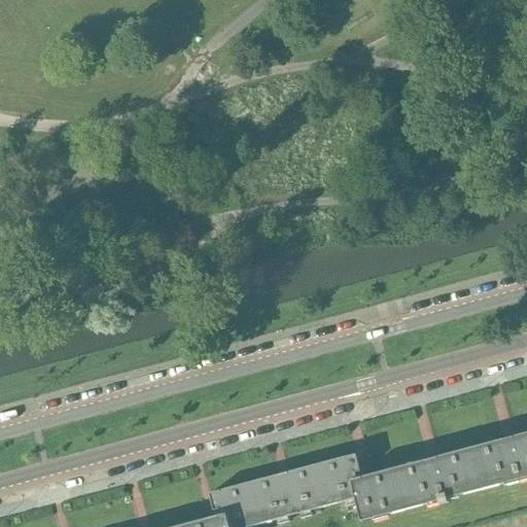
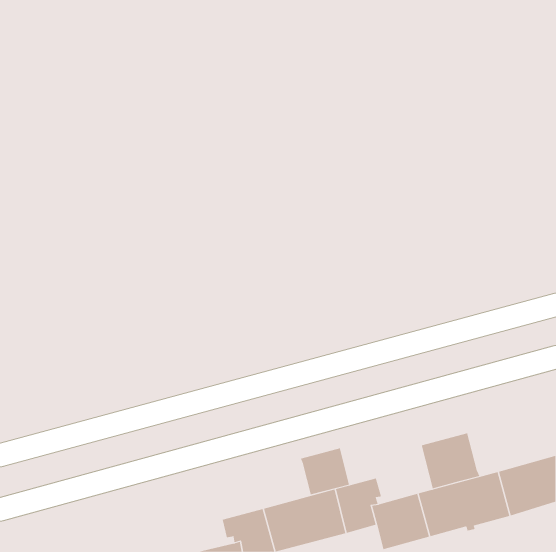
building: none -> [421,433,480,489]
building: none -> [300,448,350,495]

